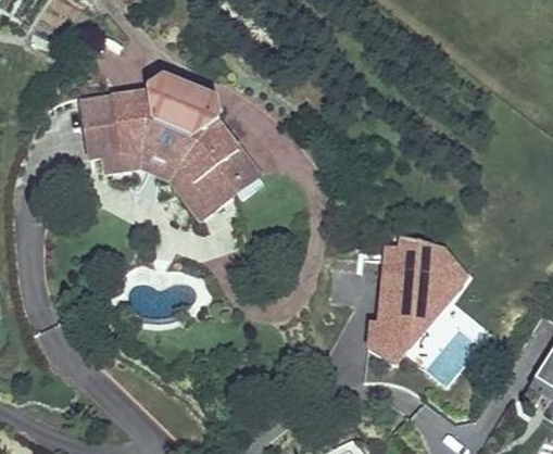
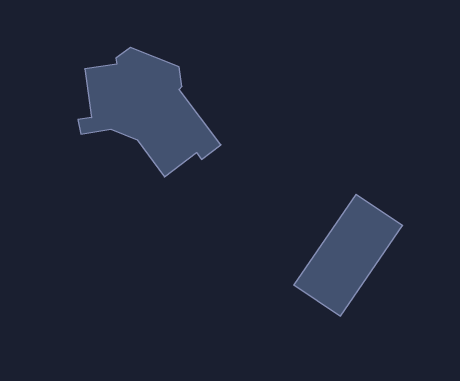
building: [81,96,120,154] -> none

